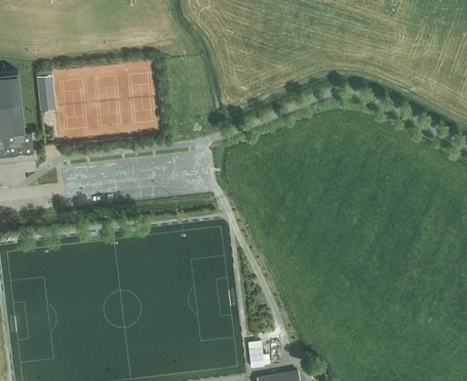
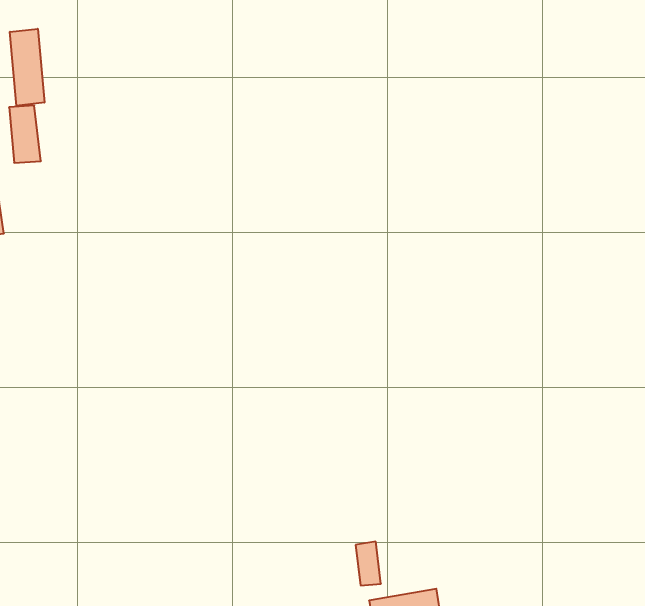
building: none -> [10,29,44,106]

